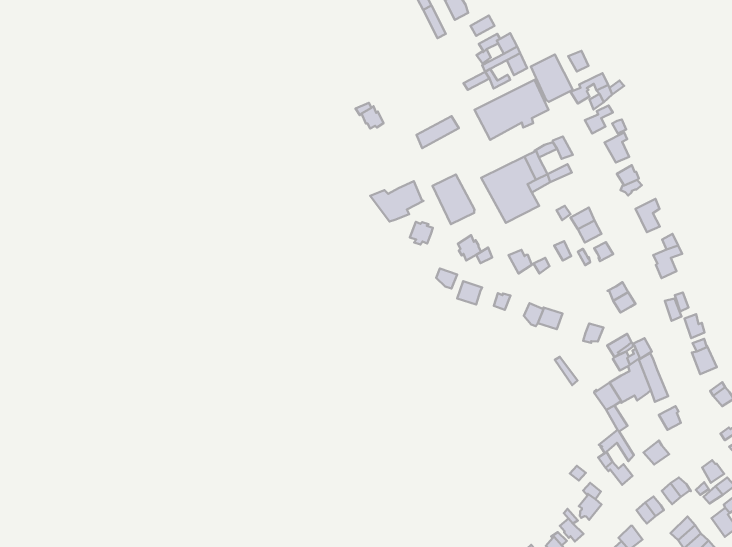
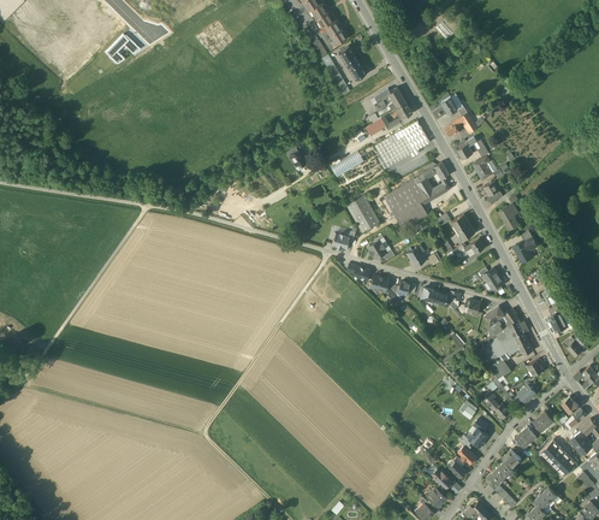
building: [531,54,573,102] -> none
building: [370,181,423,222] -> none

